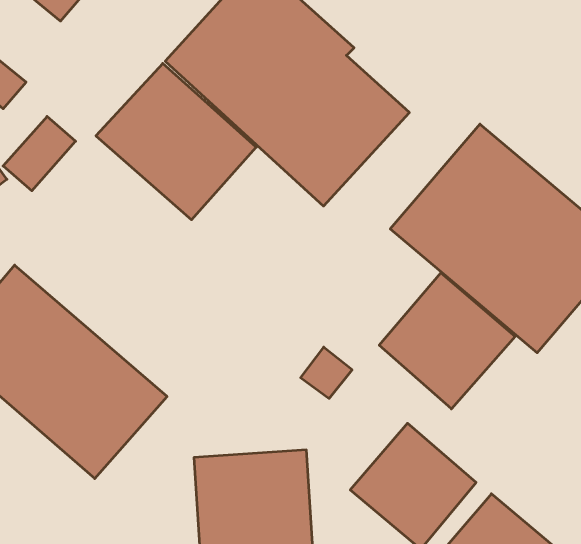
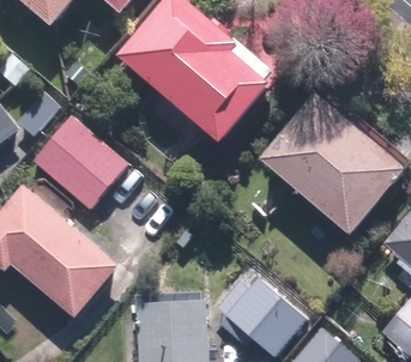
building: [96,63,256,220] -> [30,111,131,210]
building: [379,273,515,409] -> none

